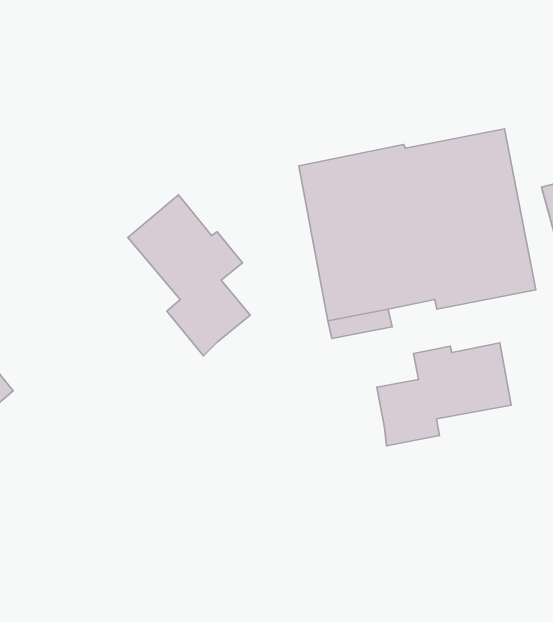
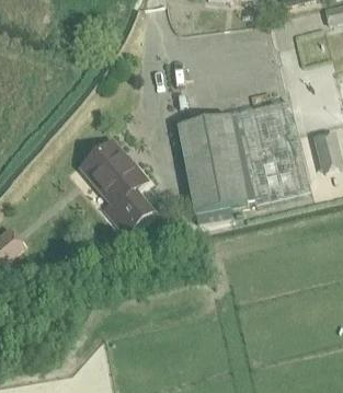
building: [377,343,511,446] -> none

